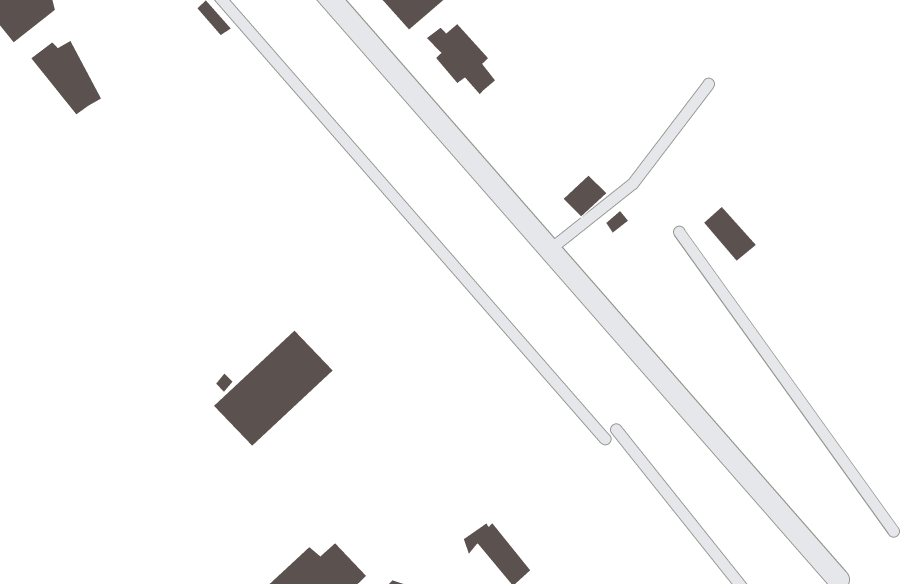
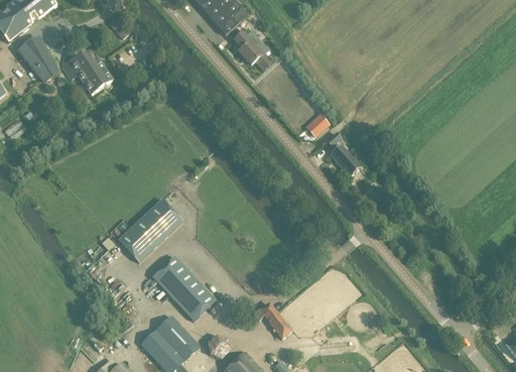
building: none -> [62,53,112,93]
building: [703,206,757,262] -> [331,145,360,175]
building: none -> [152,255,216,321]

